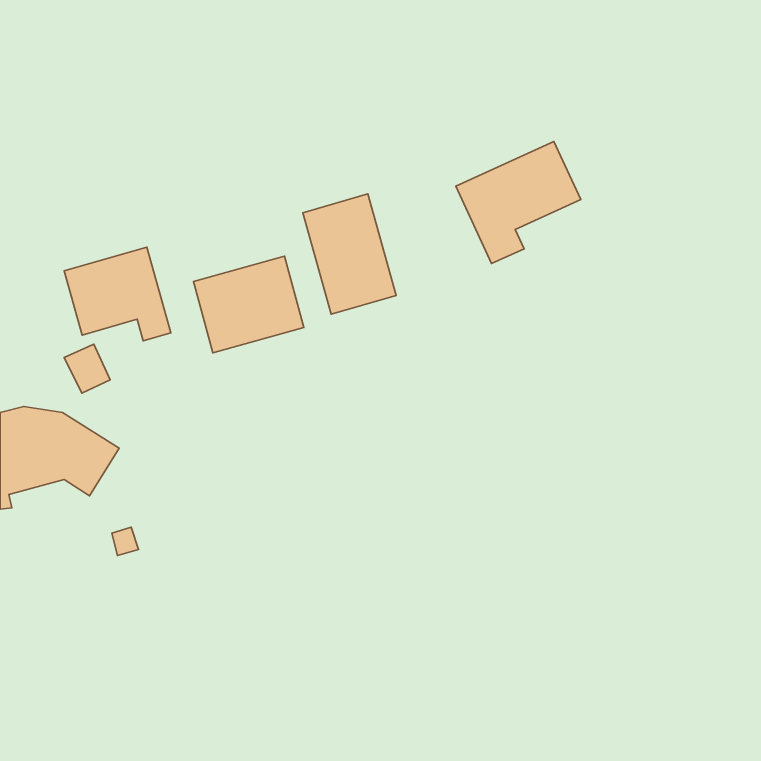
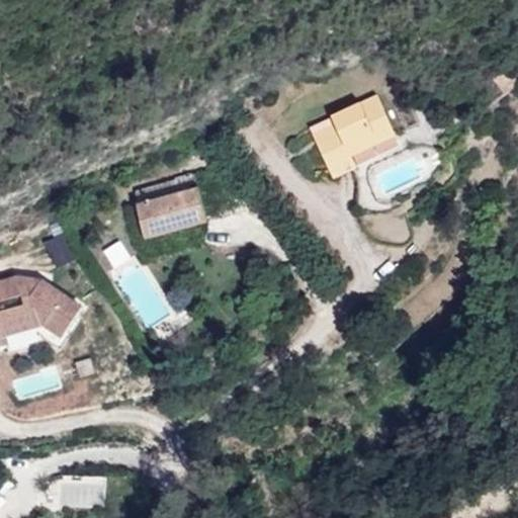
building: [303,194,396,314] -> none
building: [64,247,171,341] -> none

